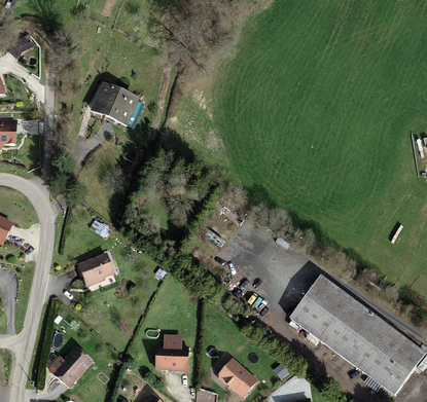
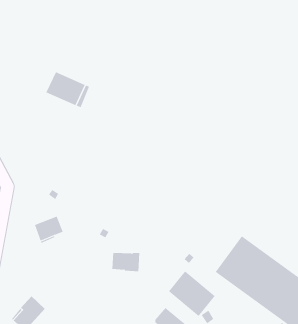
building: none -> [168,271,216,317]
building: [155,346,188,369] -> [112,252,140,272]

